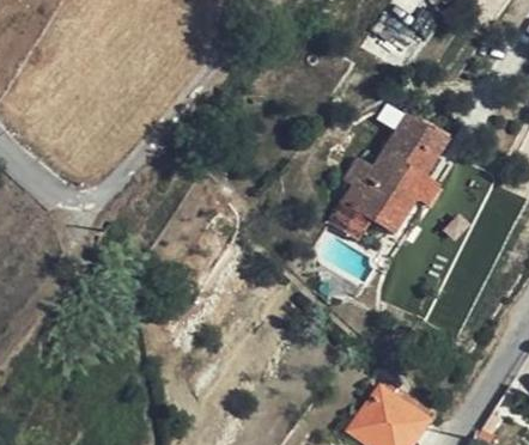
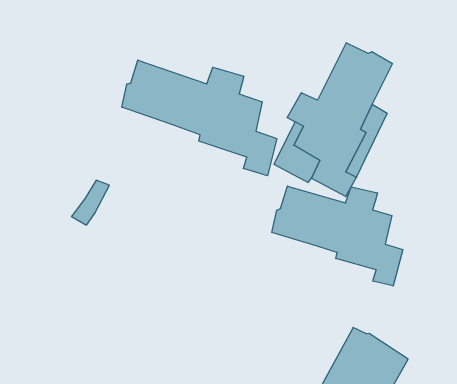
building: none -> [122,60,277,176]
building: none -> [272,186,403,286]

